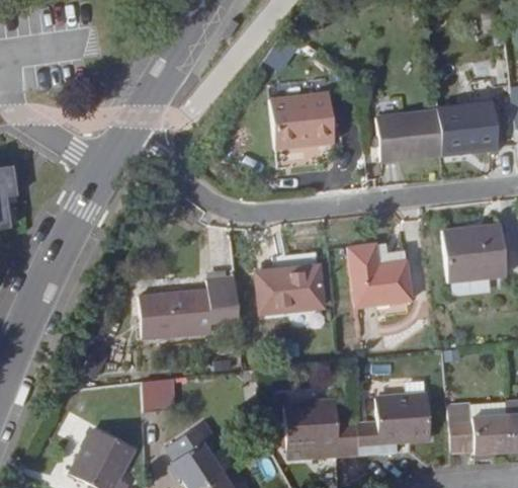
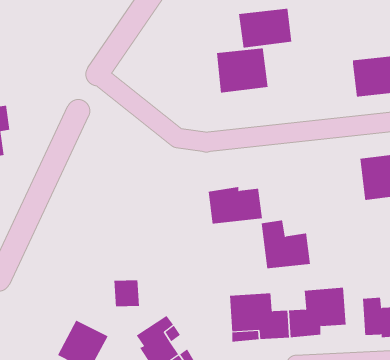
building: [374,113,441,163] -> [238,8,292,48]
building: [353,244,415,305] -> [261,220,311,269]
building: [143,276,243,339] -> none

